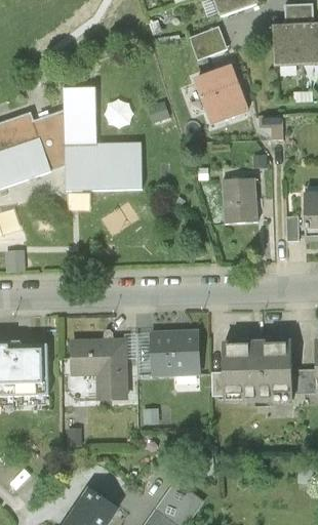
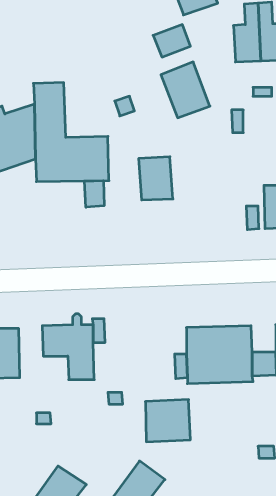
building: [222,178,257,224] -> [139,157,173,200]
building: none -> [84,181,104,207]
building: [152,331,199,375] -> [145,400,190,442]

